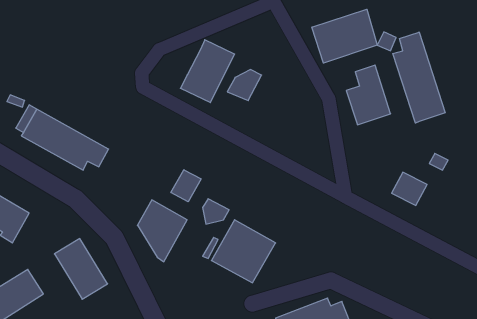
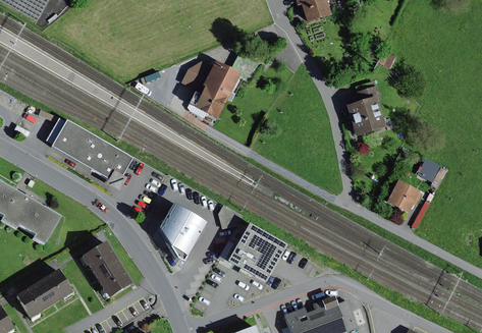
building: [312,9,377,63] -> none
building: [393,32,445,123] -> none
building: [227,70,262,101] -> [183,62,215,91]
building: [171,170,201,202] -> none

